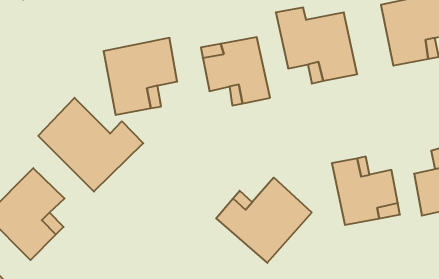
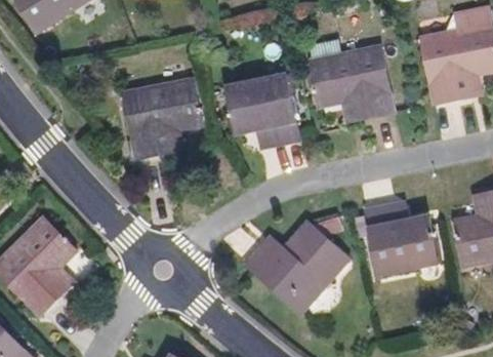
building: [38,98,143,192] -> none

